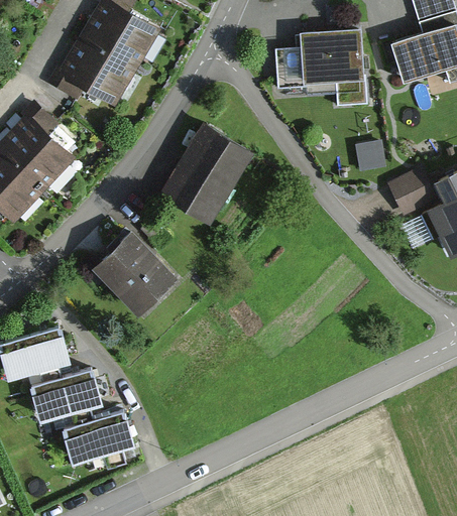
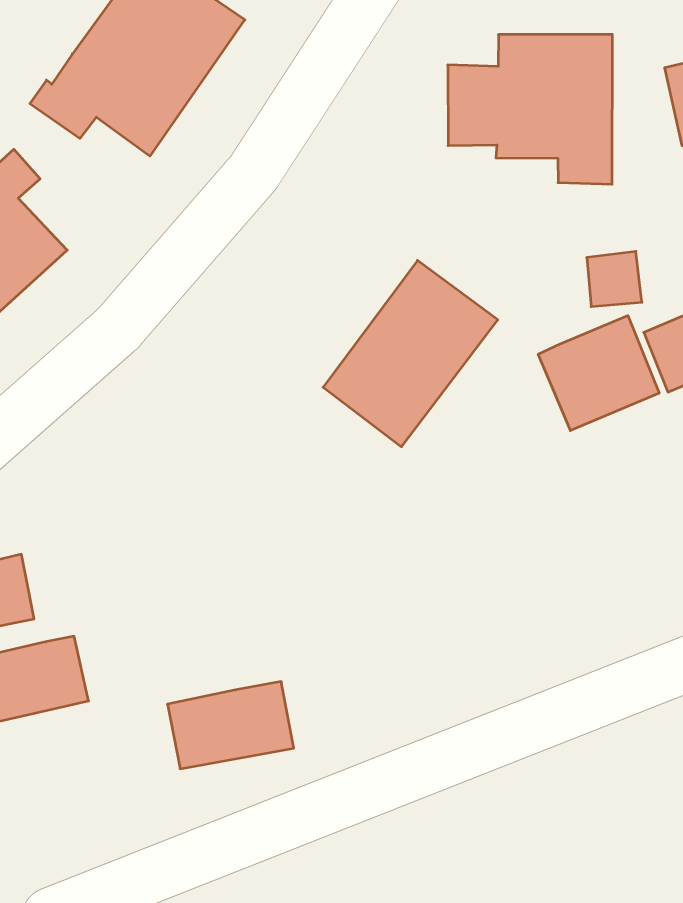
building: [162,124,254,225] -> [323,260,498,447]
building: none -> [538,316,659,431]
building: [91,230,177,315] -> none
building: [63,412,132,463] -> [167,682,294,769]

